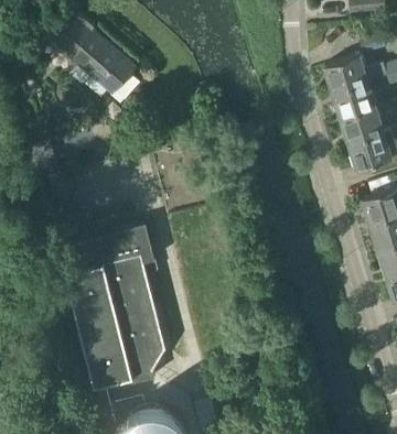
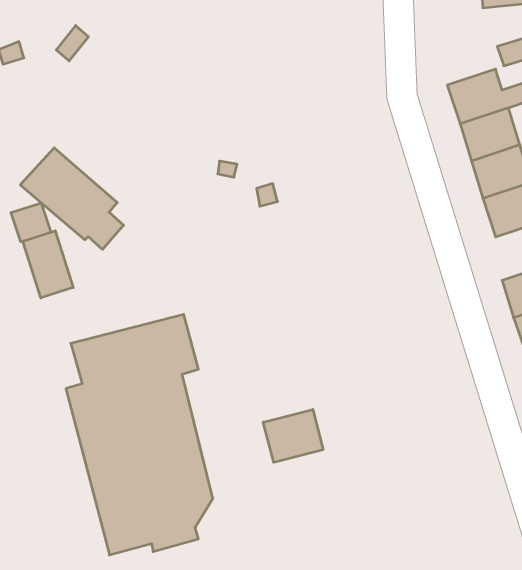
building: [67,30,138,99] -> [20,148,124,249]
building: none -> [23,231,73,298]
building: none -> [263,409,323,462]

